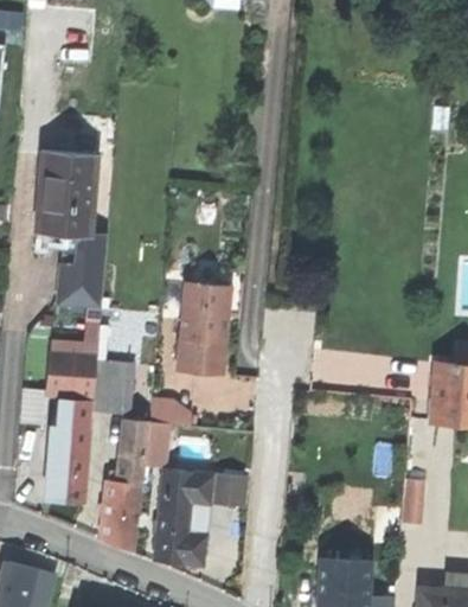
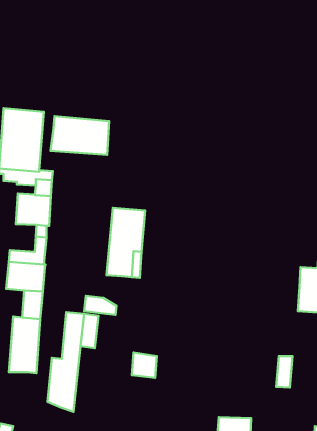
building: none -> [51,116,109,155]
building: [92,363,133,411] -> none
building: [153,472,211,568] -> none

